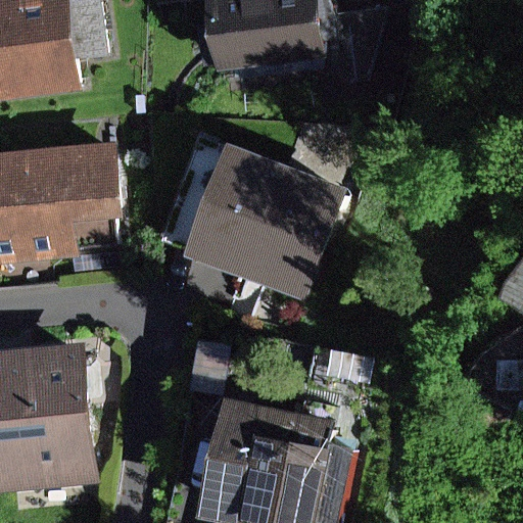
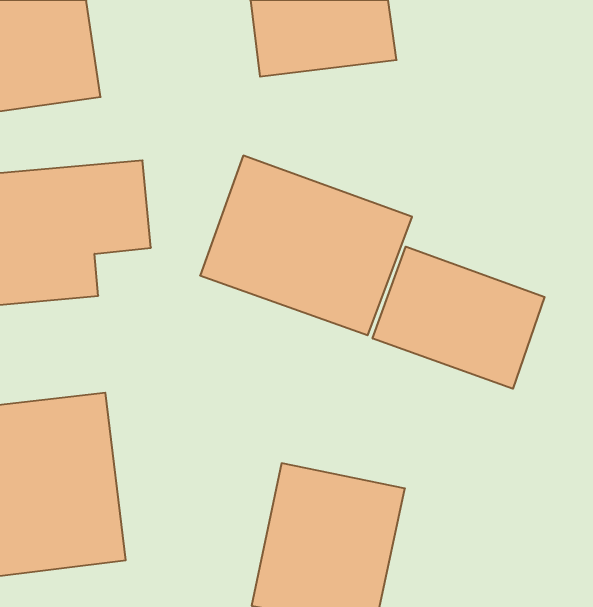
building: none -> [373,247,545,389]

